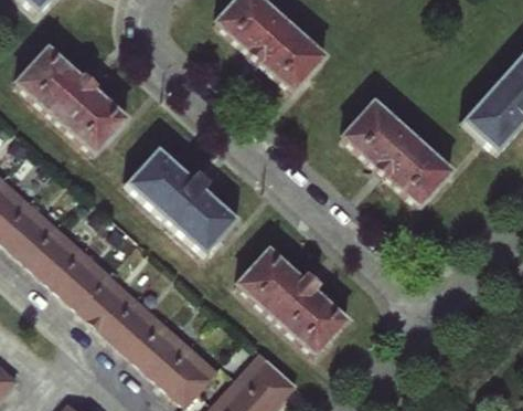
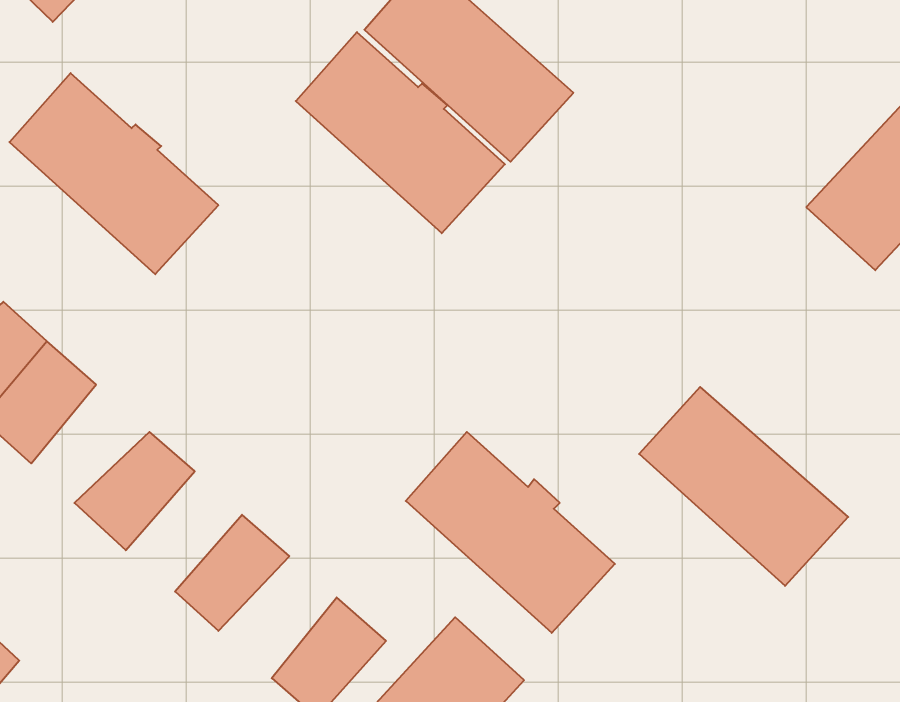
building: [337,97,453,209] -> [639,387,848,586]
building: [122,144,239,256] -> [296,32,505,233]
building: [24,219,90,285] -> none
building: [77,267,142,335] -> none
building: [129,315,195,383] -> none

